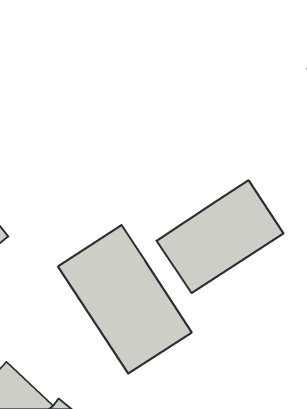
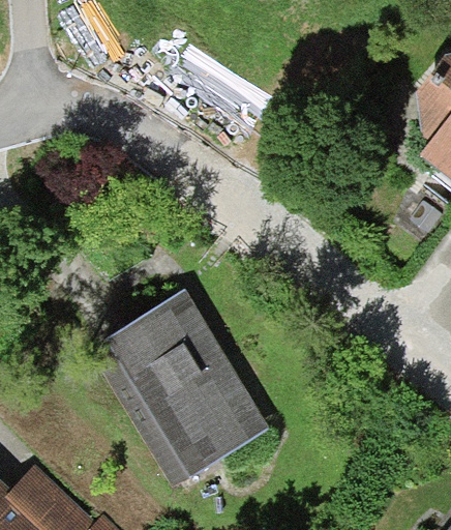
building: [156,180,283,293] -> none

